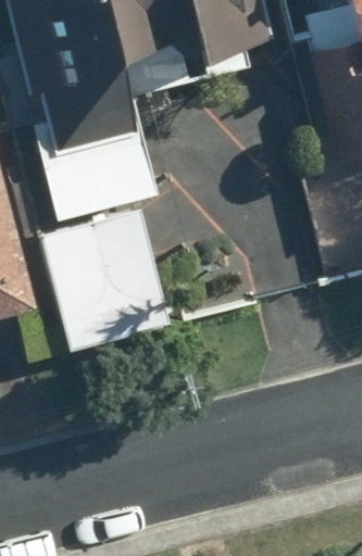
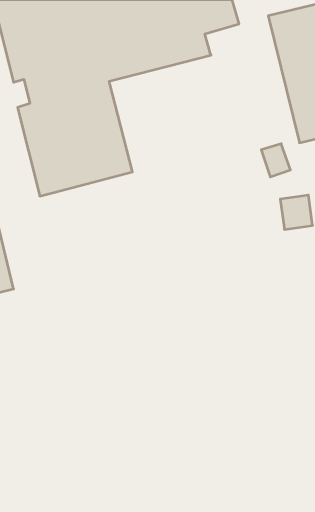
building: [37,207,163,343] -> none

